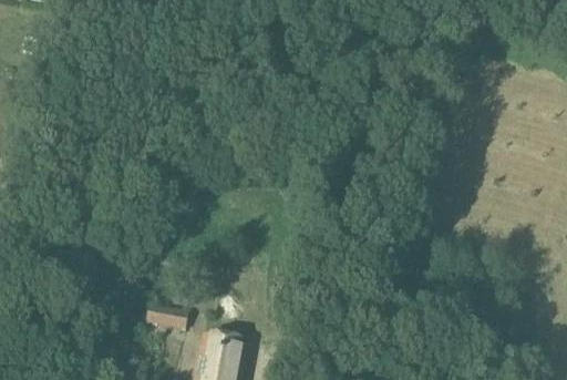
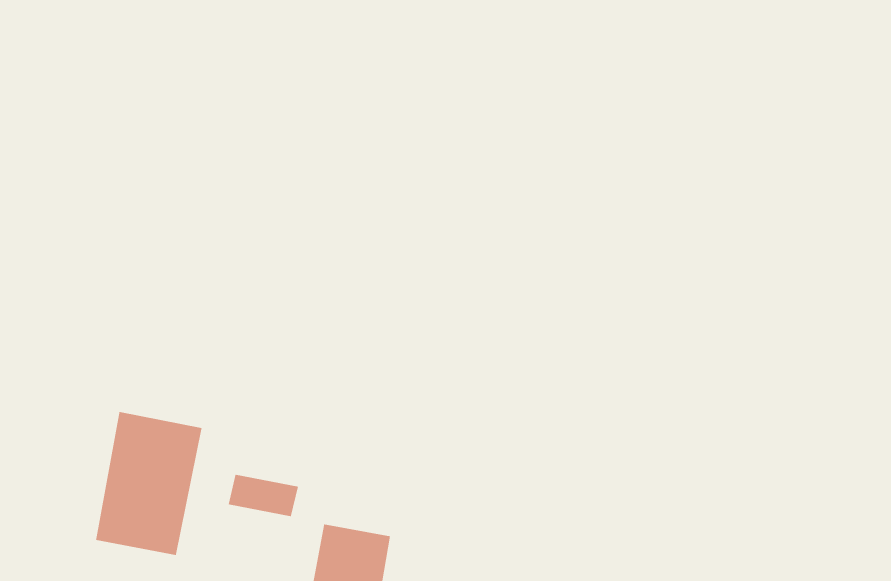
building: none -> [95,411,202,556]

